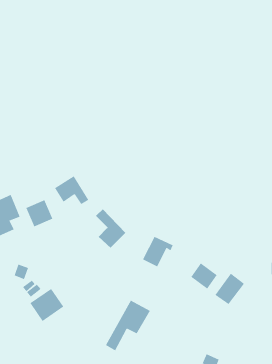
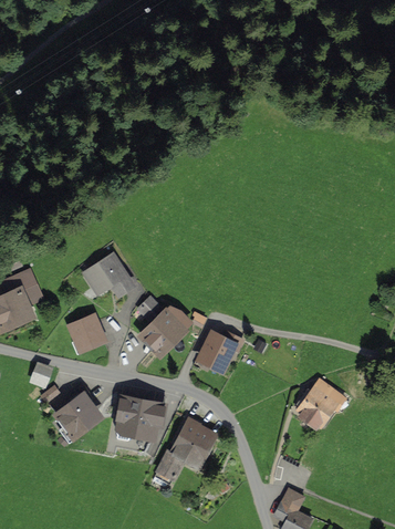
building: [26,200,53,227] -> [67,321,104,357]
building: [190,263,218,289] -> none
building: none -> [115,395,165,440]

